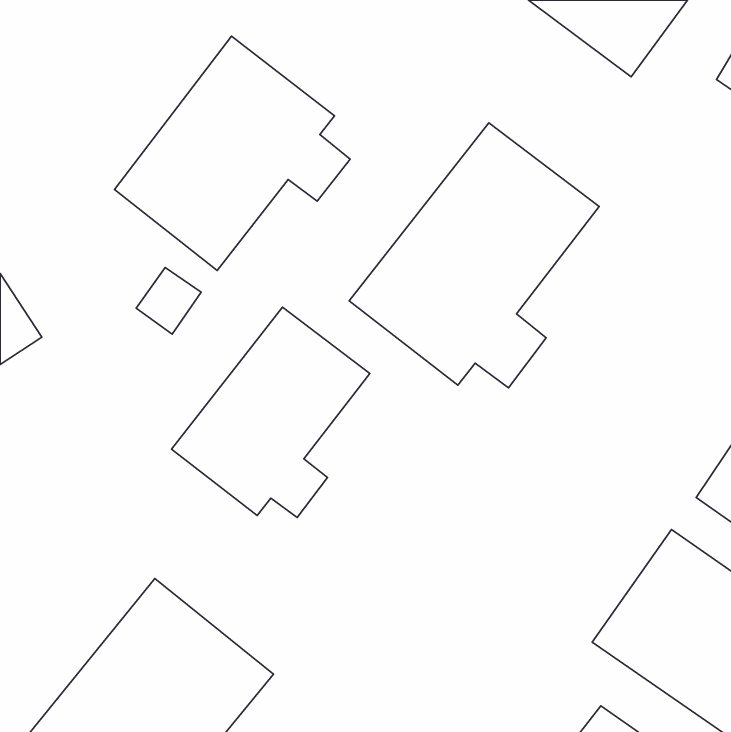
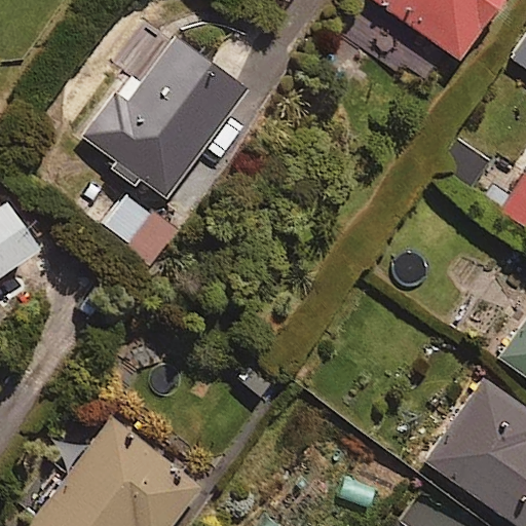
building: [349,123,599,388] -> none
building: [171,307,370,517] -> none

